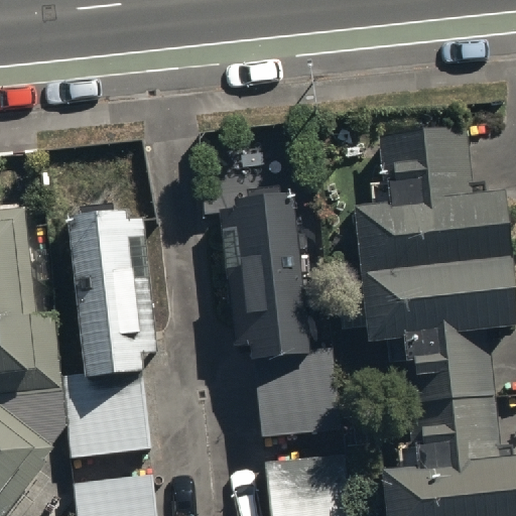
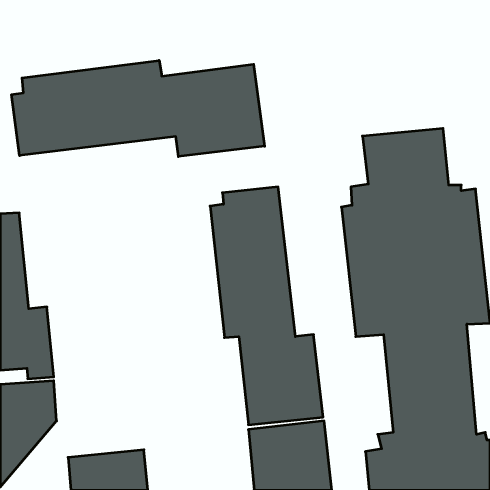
building: none -> [12,60,265,157]
building: [63,215,158,462] -> none

